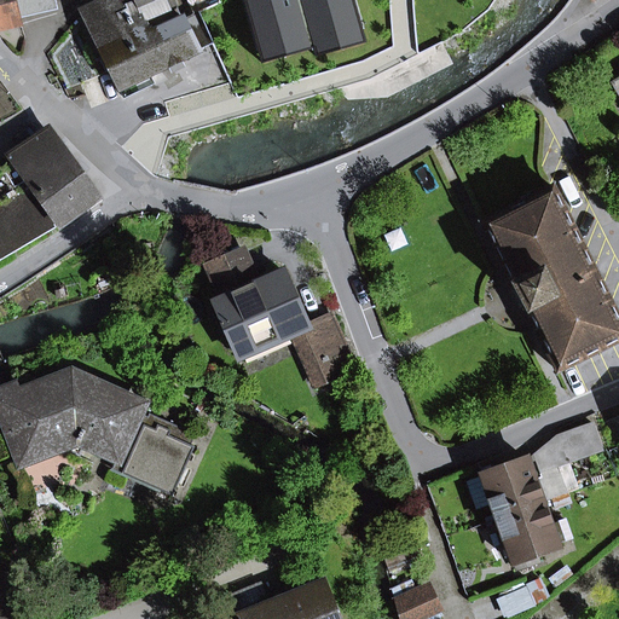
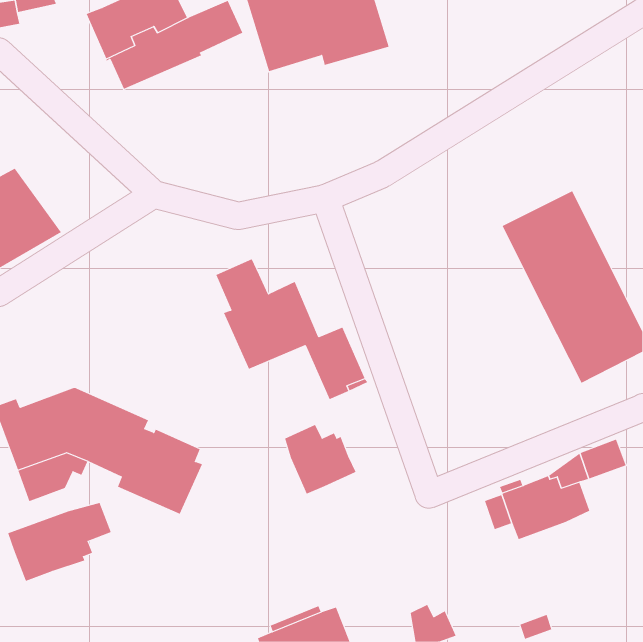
building: [10,127,99,222] -> none
building: none -> [285,424,356,495]
building: none -> [8,502,111,581]
building: [497,501,571,563] -> none

